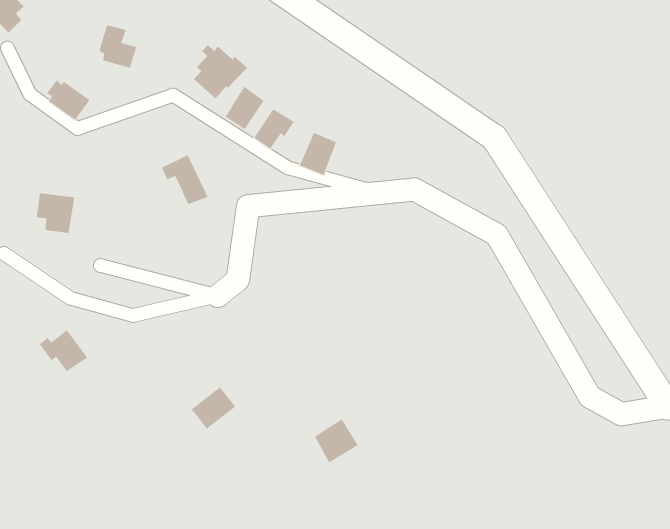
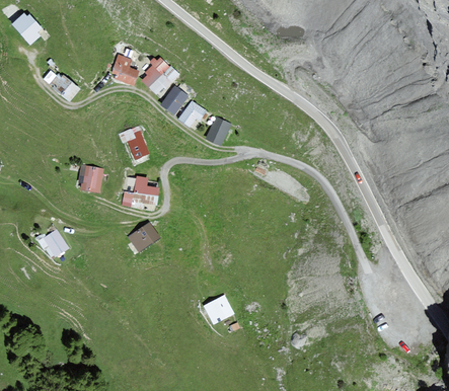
building: [98,24,137,69] -> [113,55,137,83]
building: [36,193,75,233] -> [77,164,102,190]
building: none -> [123,175,158,209]
building: [191,386,236,430] -> [129,223,157,249]

